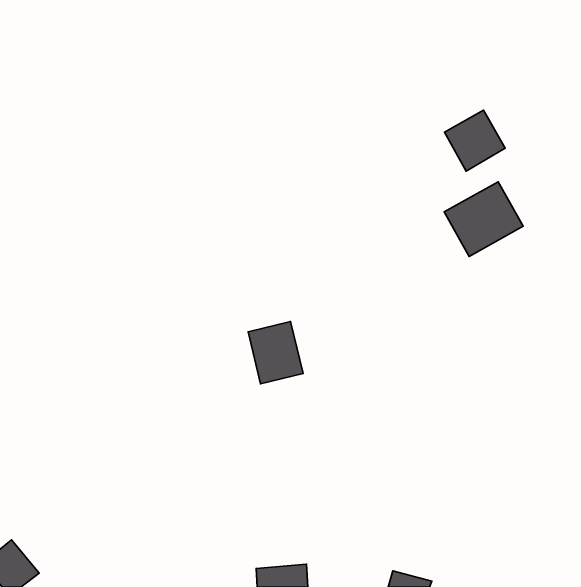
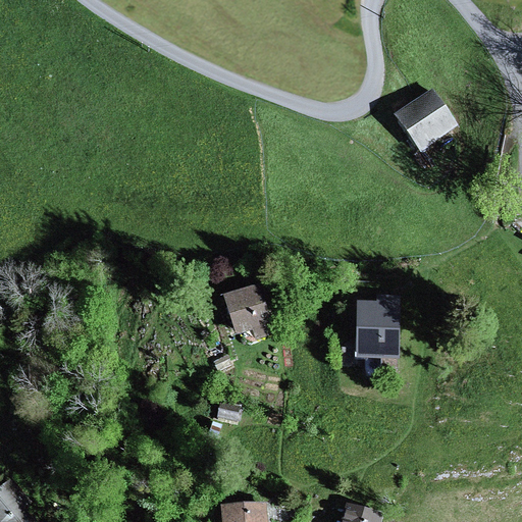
building: [444,182,523,257] -> none
building: none -> [357,297,397,354]

